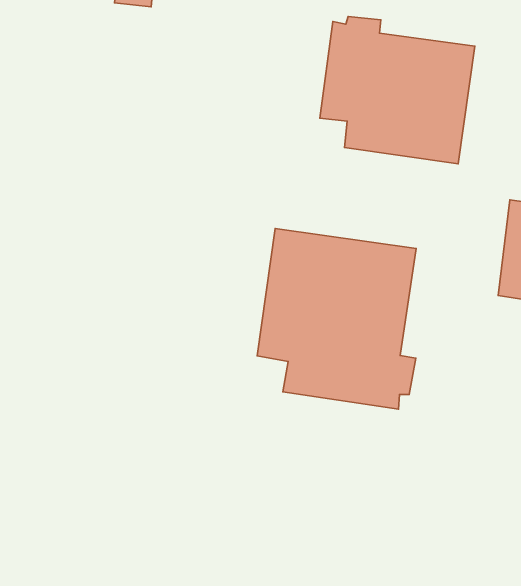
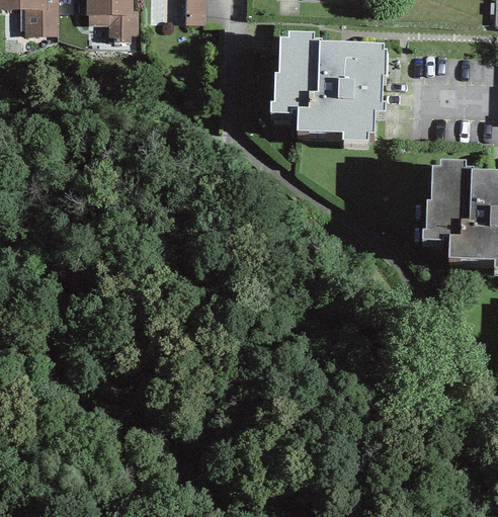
building: [257,228,416,409] -> none

